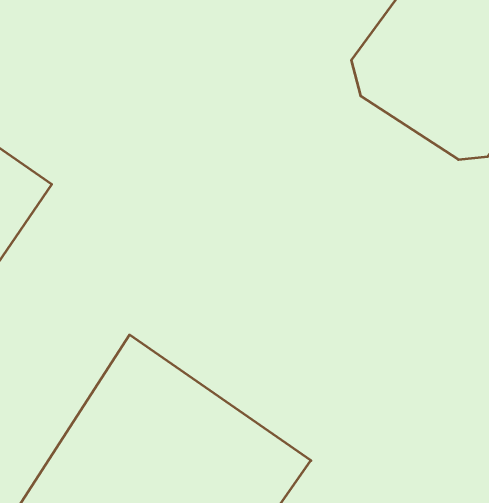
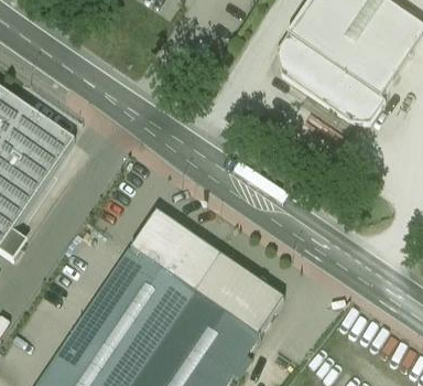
building: none -> [127,208,282,335]

